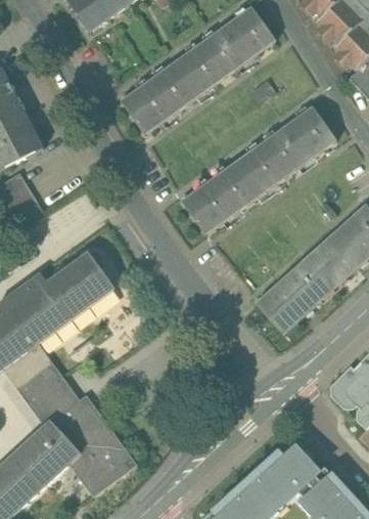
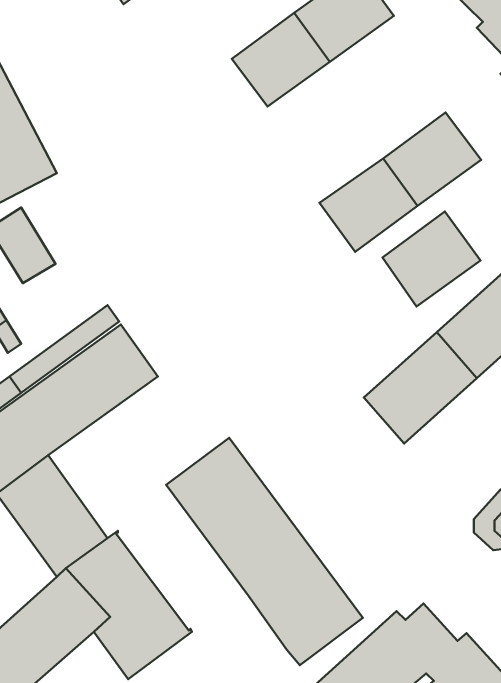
building: [122,69,189,133] -> none
building: [182,168,249,233] -> [383,211,480,306]
building: none -> [166,438,363,665]

